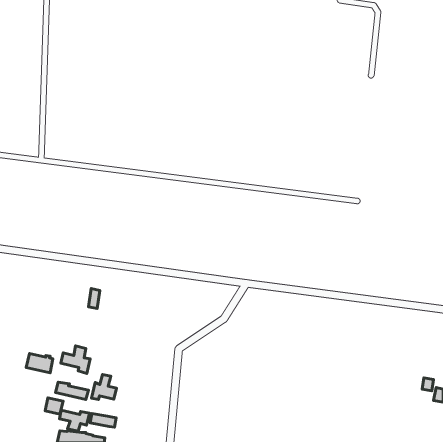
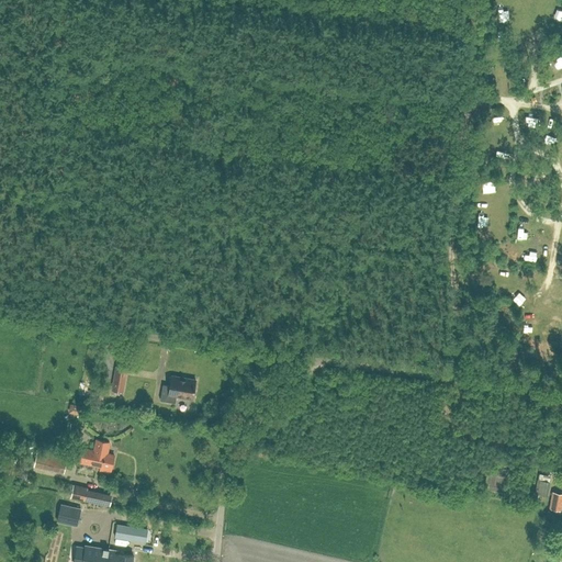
building: none -> [159,375,195,403]
building: [91,374,117,399] -> none
building: [59,410,89,431] -> none

